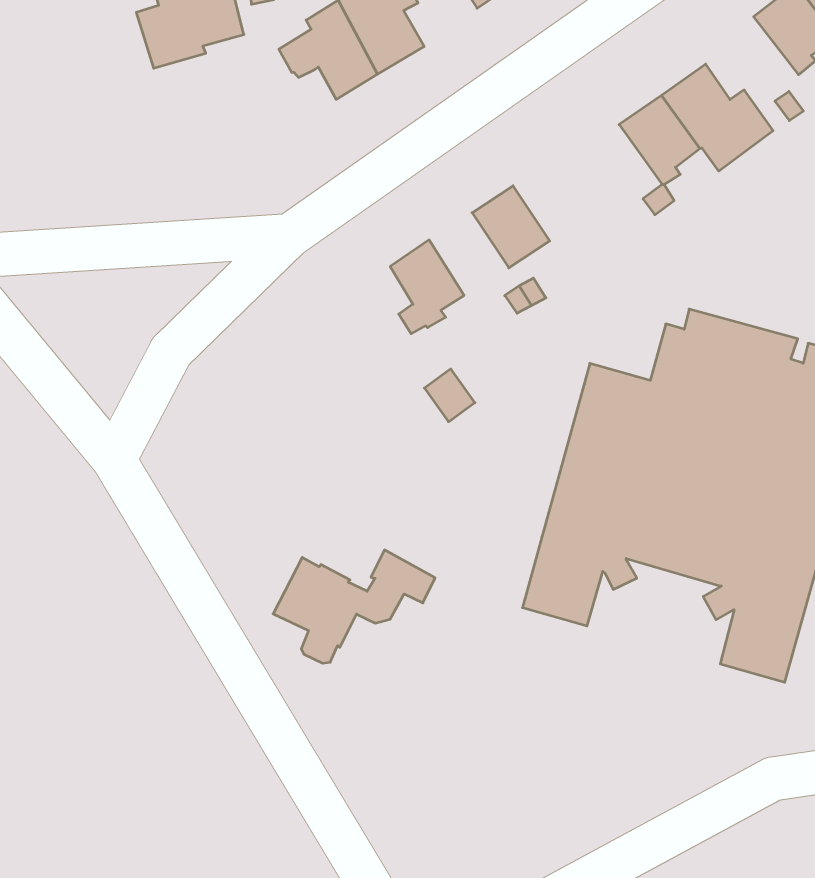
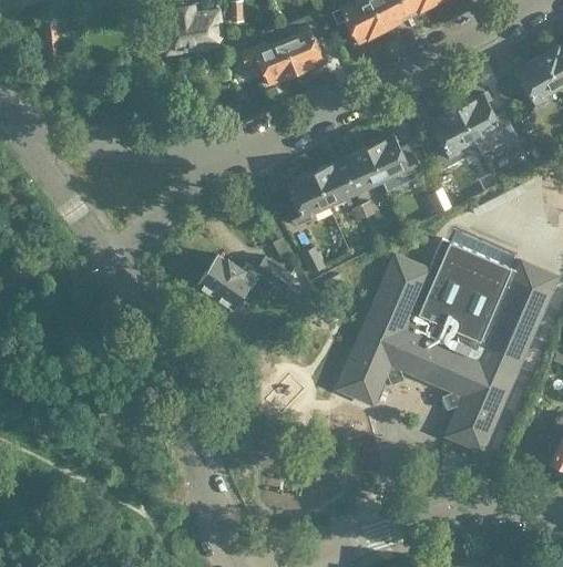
building: none -> [365,133,419,190]
building: none -> [313,159,356,206]
building: [273,550,435,663] -> [197,254,293,316]

